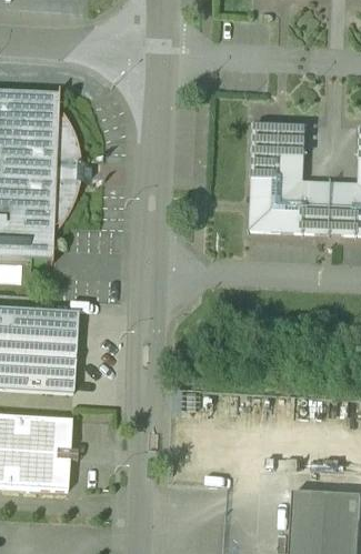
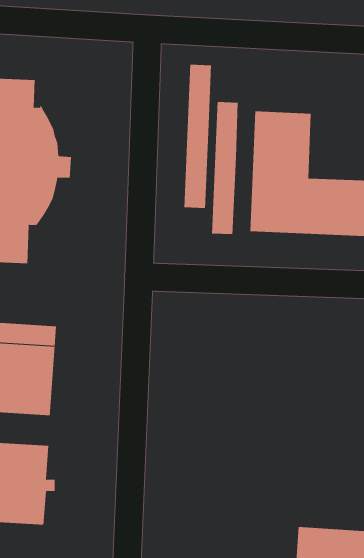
building: none -> [184,64,211,209]
building: none -> [212,101,238,235]

